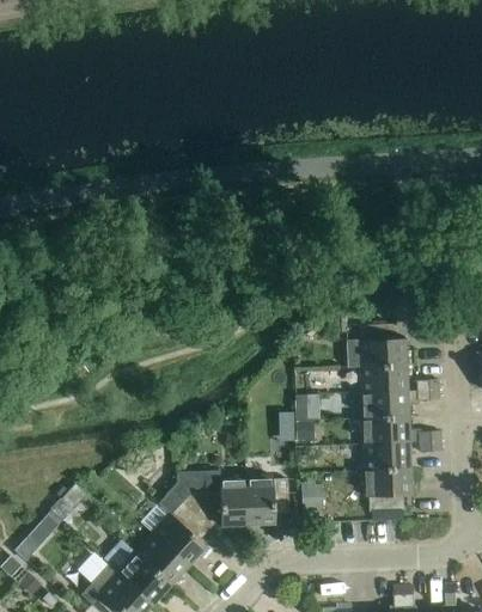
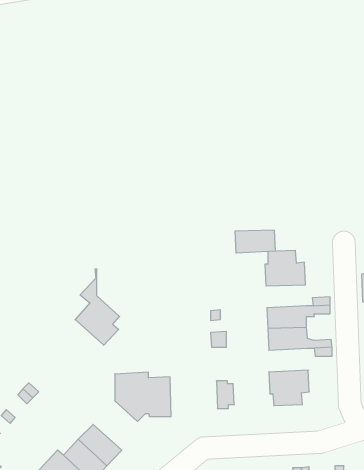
building: [361,366,410,393] -> [235,230,275,253]
building: [365,442,413,471] -> none
building: [152,473,206,565] -> [75,269,120,345]
building: [245,476,288,525] -> none

